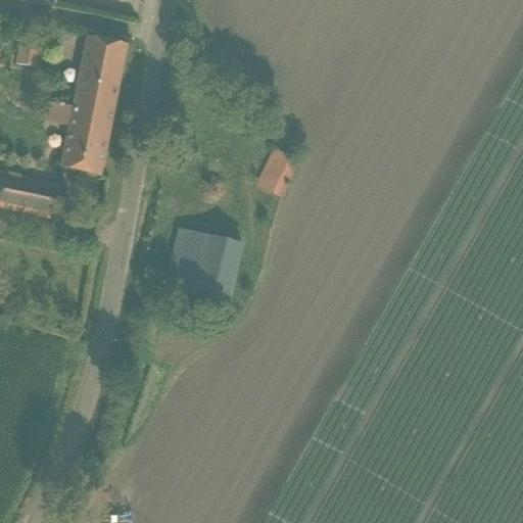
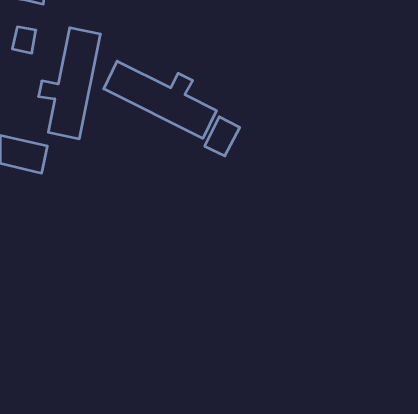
building: none -> [104,61,216,138]
building: [163,227,245,306] -> none

